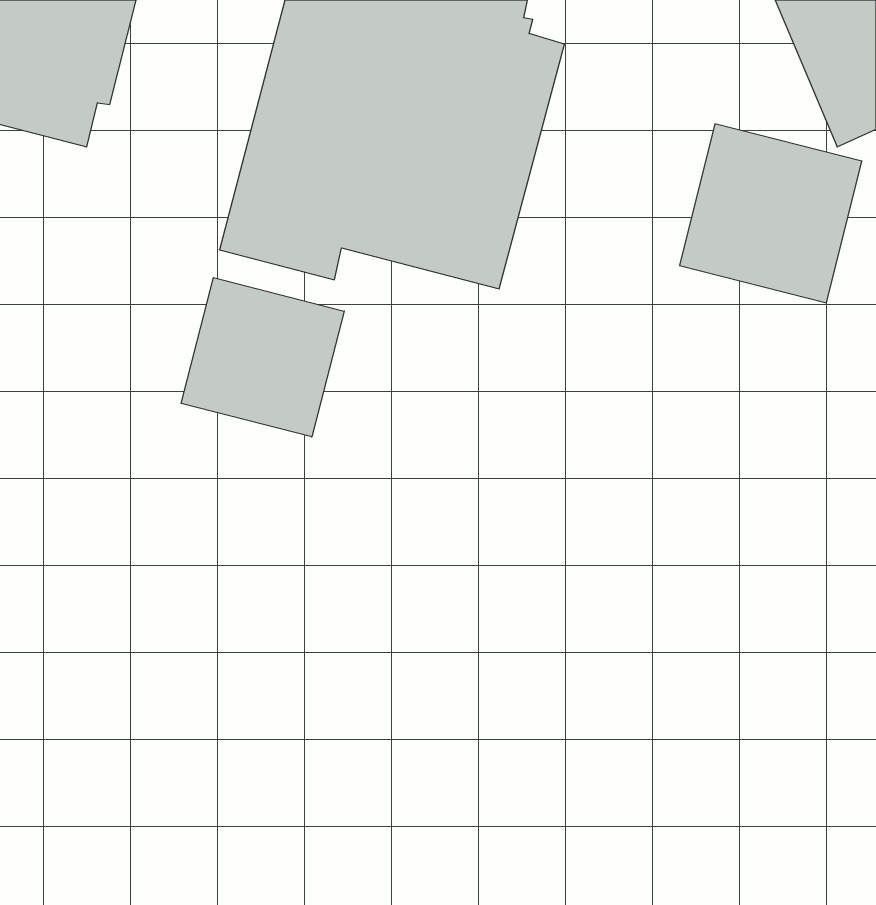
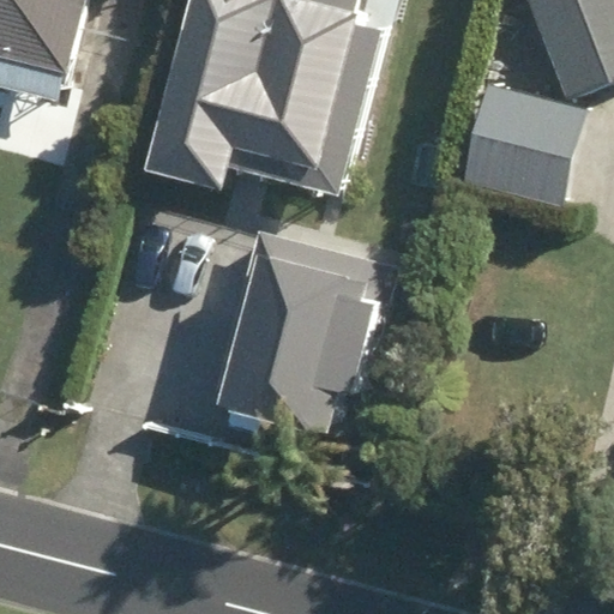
building: [181,278,344,437] -> none
building: none -> [215,230,393,432]

